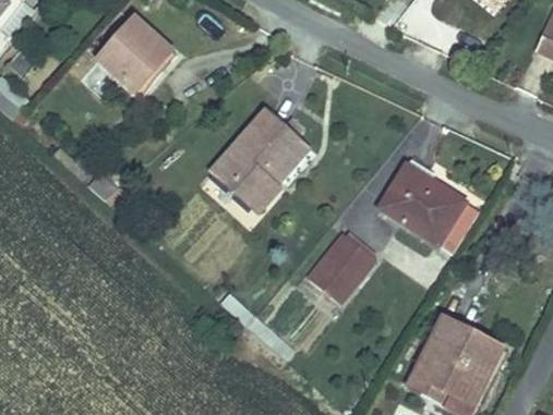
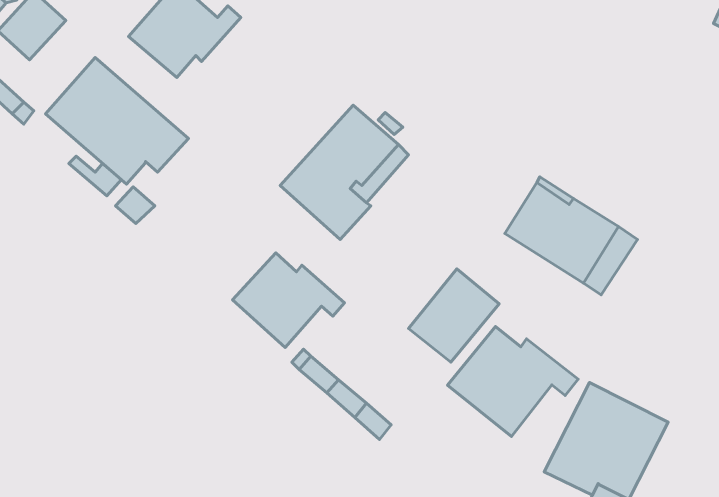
building: none -> [46,57,188,184]
building: none -> [232,253,345,347]
building: none -> [448,327,578,436]

